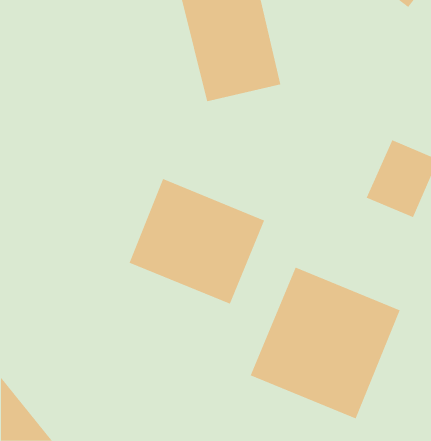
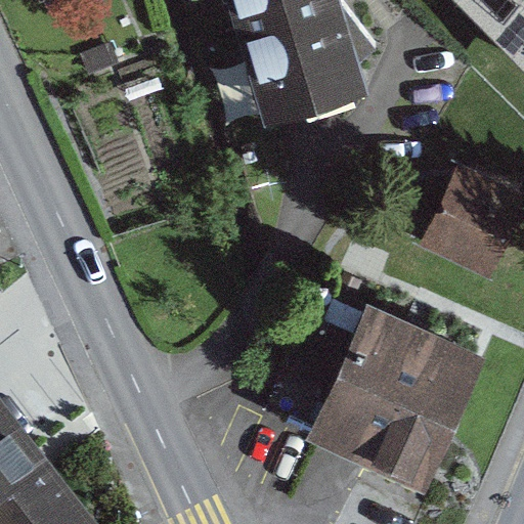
building: [129,178,265,304] -> none

